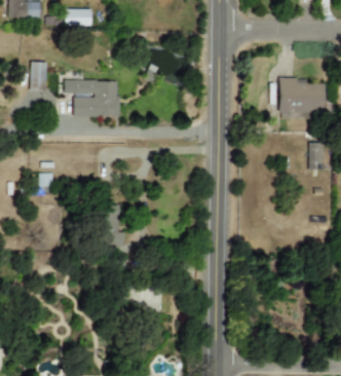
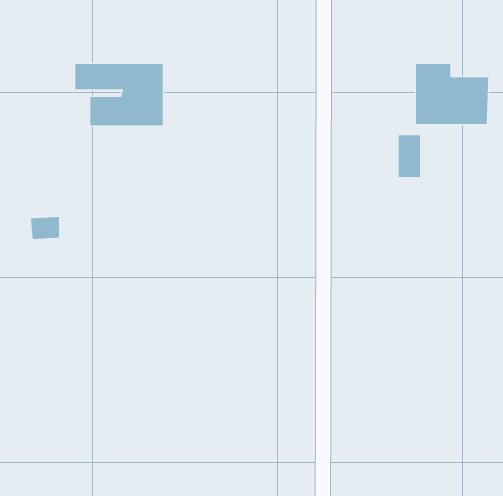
building: [29,61,46,90] -> none
building: [308,143,323,170] -> [398,135,421,178]

